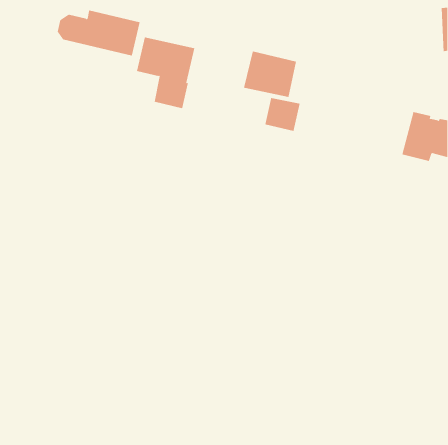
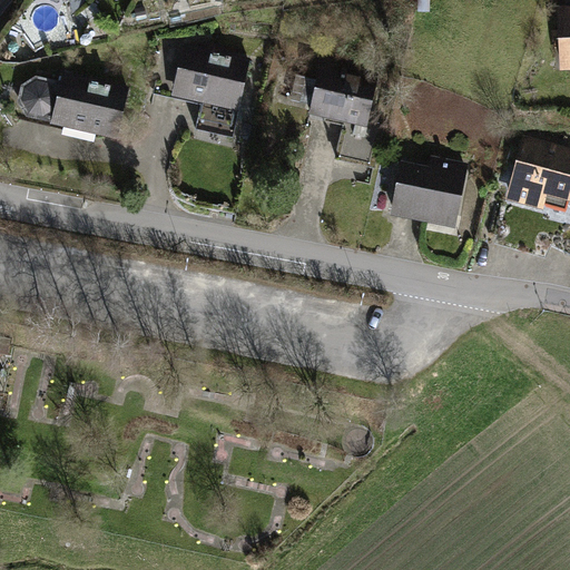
building: [57,10,140,56] -> [21,79,127,138]
building: none -> [393,167,464,224]

